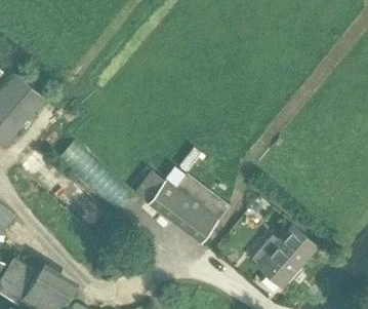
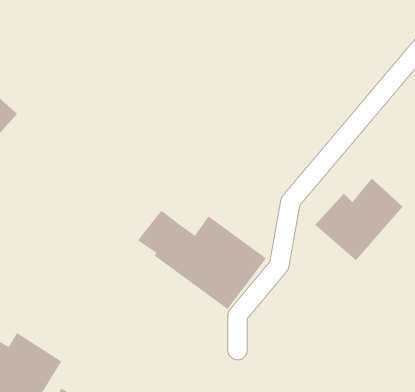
building: [250,225,316,286] -> [315,178,404,261]

